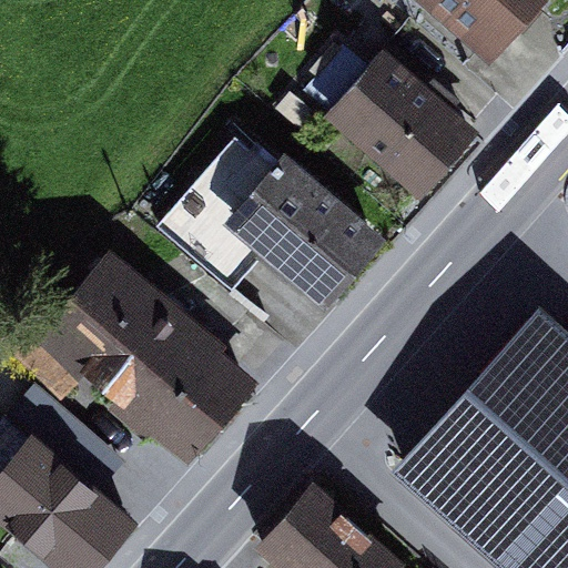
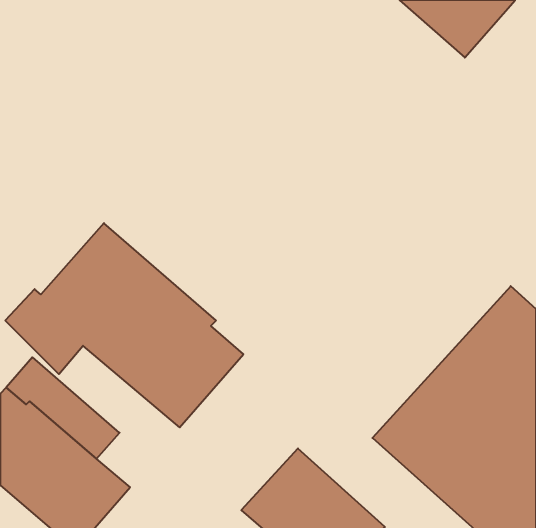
building: [302,49,480,202] -> none
building: [158,140,386,310] -> none

